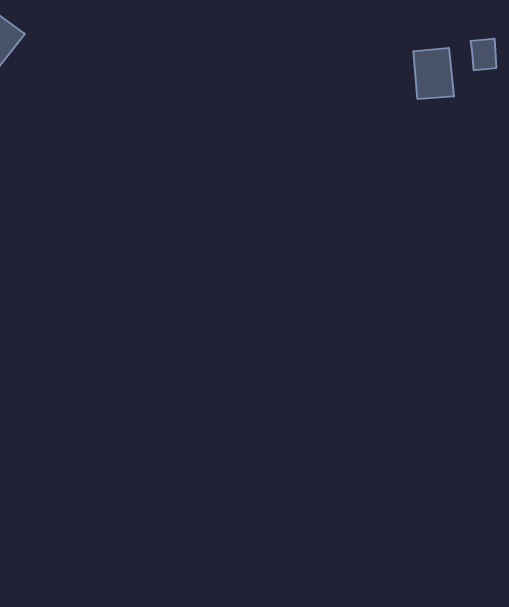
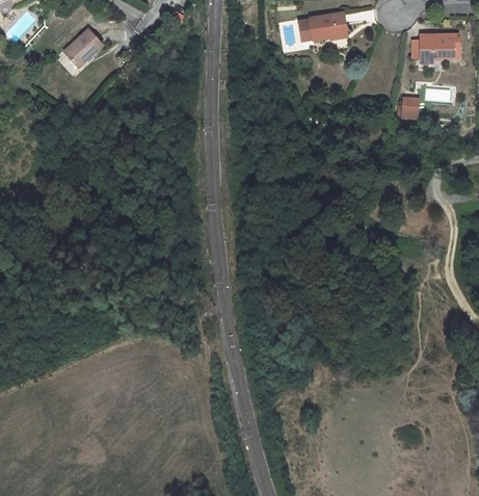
building: [414,48,454,99] -> none

